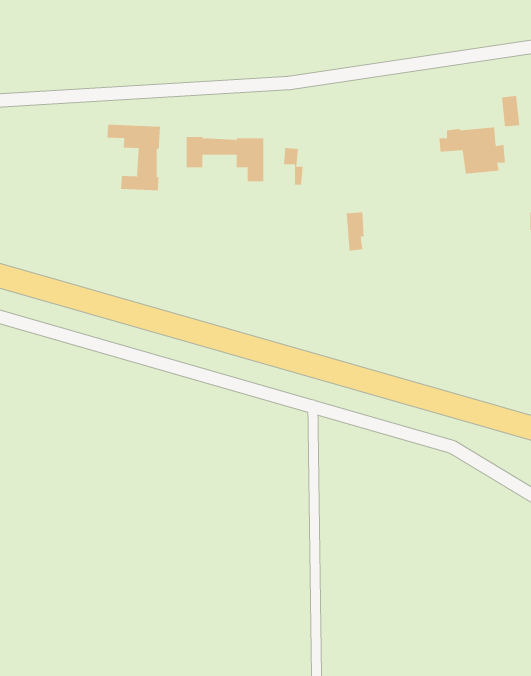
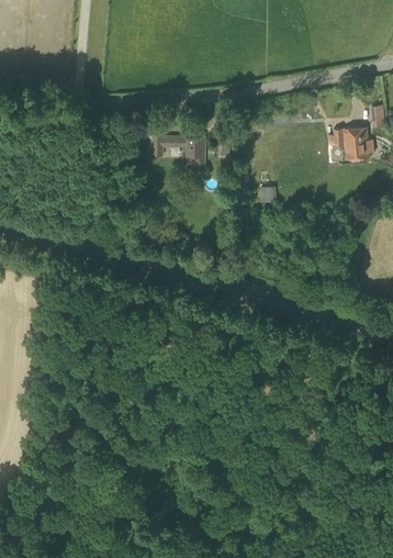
building: [107,124,161,191] -> none

